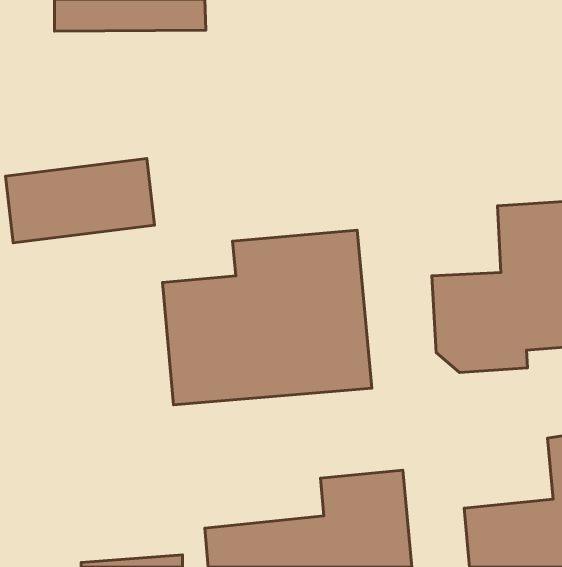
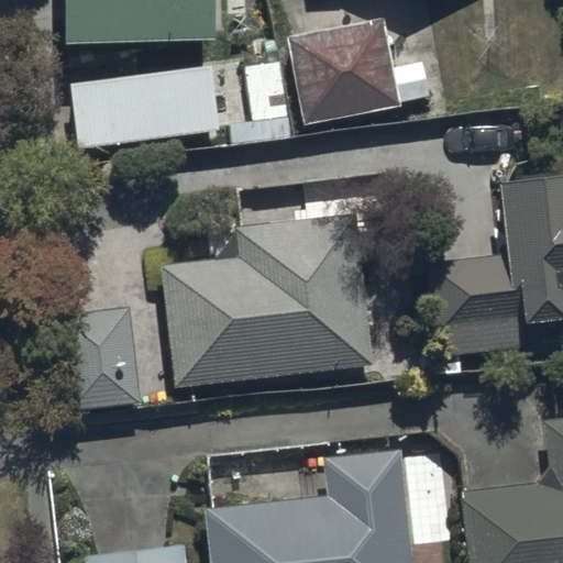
building: none -> [288,11,432,121]
building: [6,158,155,243] -> [68,51,216,134]
building: none -> [64,310,141,421]

